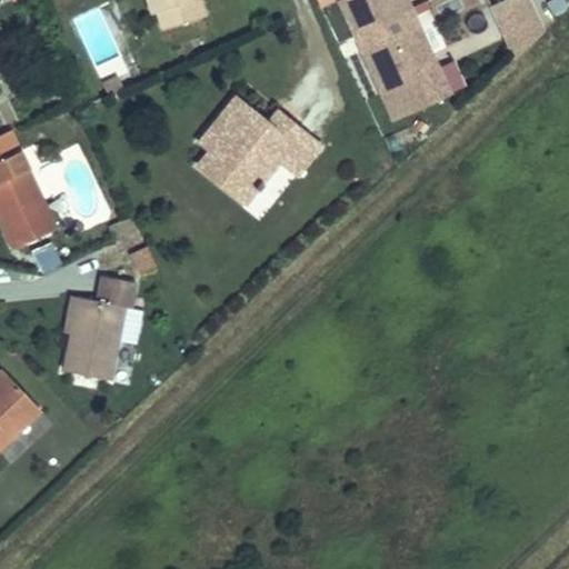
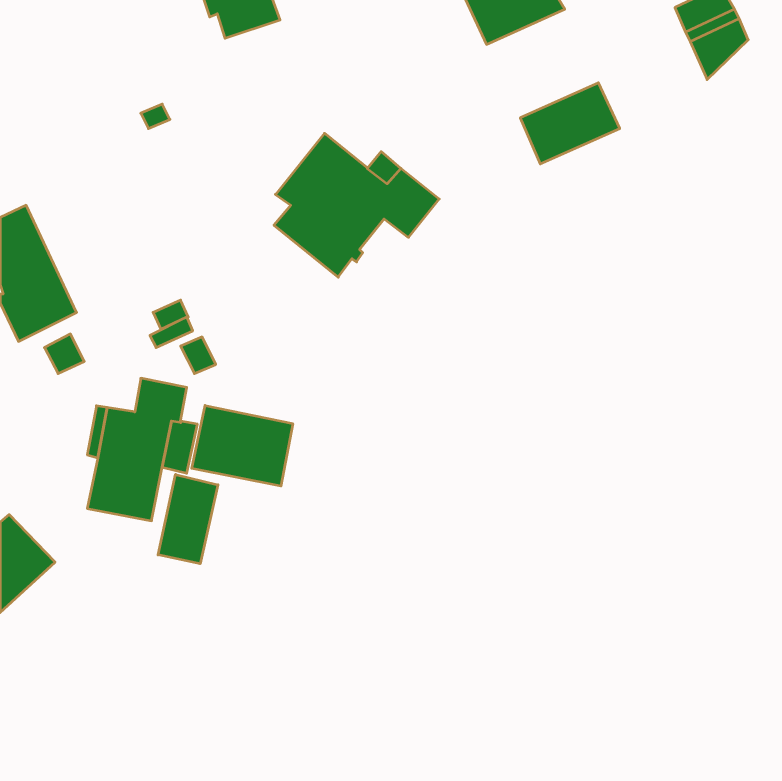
building: [362,27,435,86] -> none
building: none -> [192,405,293,486]
building: none -> [158,474,218,564]

